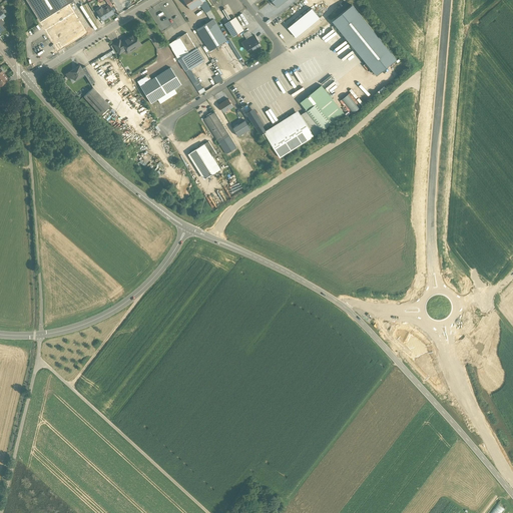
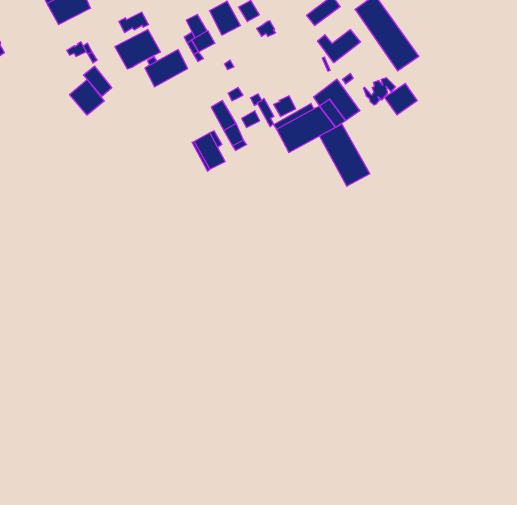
building: none -> [318,30,361,63]
building: none -> [115,29,160,69]
building: none -> [384,83,417,115]
building: none -> [70,80,104,115]
building: none -> [320,124,370,186]

